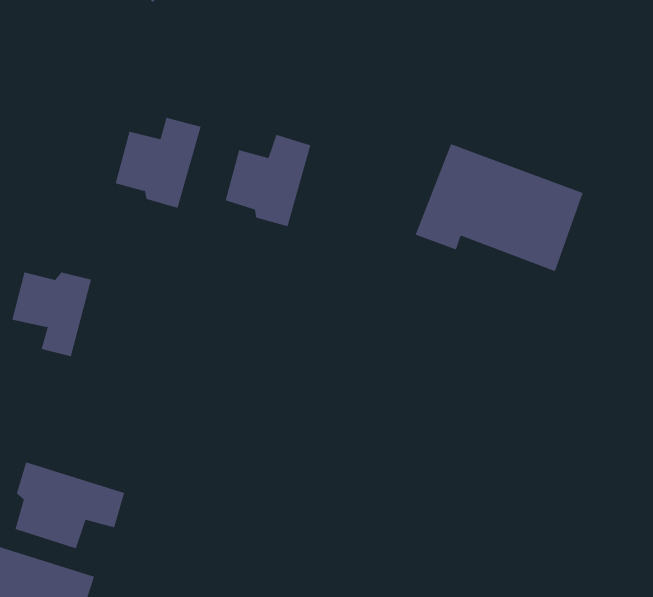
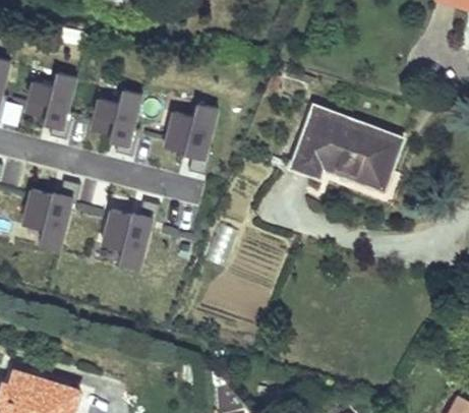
building: none -> [23,69,80,130]
building: none -> [103,210,156,266]
building: [15,462,125,549] -> none

